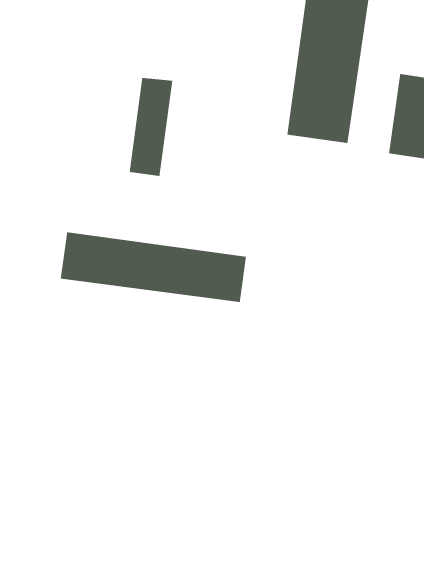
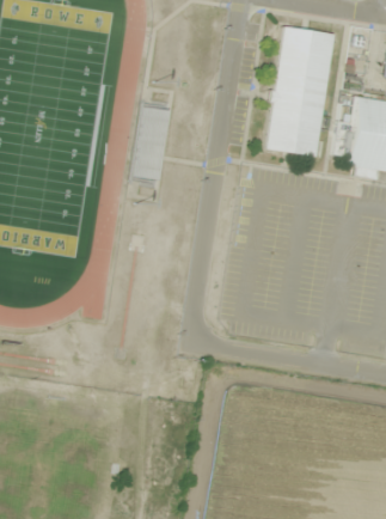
building: [60,232,246,303] -> none

